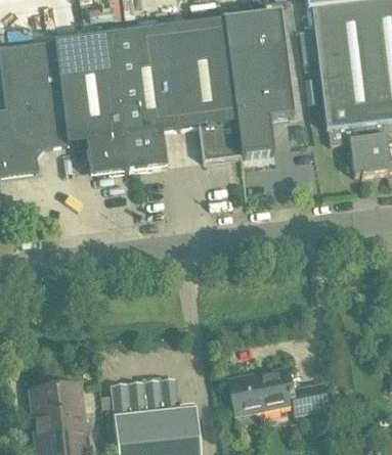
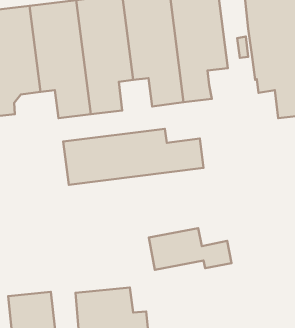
building: none -> [63,129,203,185]
building: [228,365,328,415] -> [149,228,232,270]

